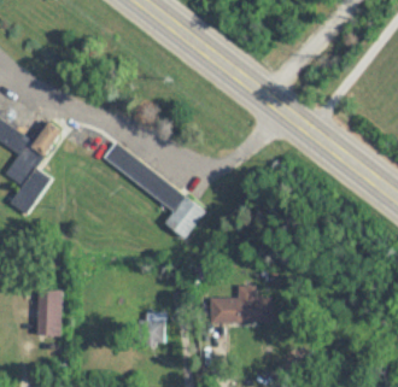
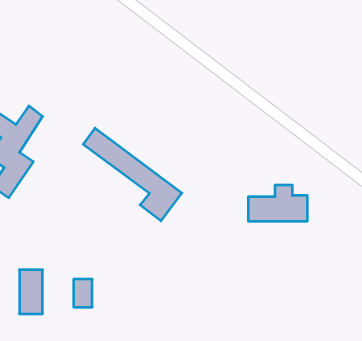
building: [210,286,271,323] -> [248,185,307,221]
building: [145,313,164,342] -> [74,279,92,307]

